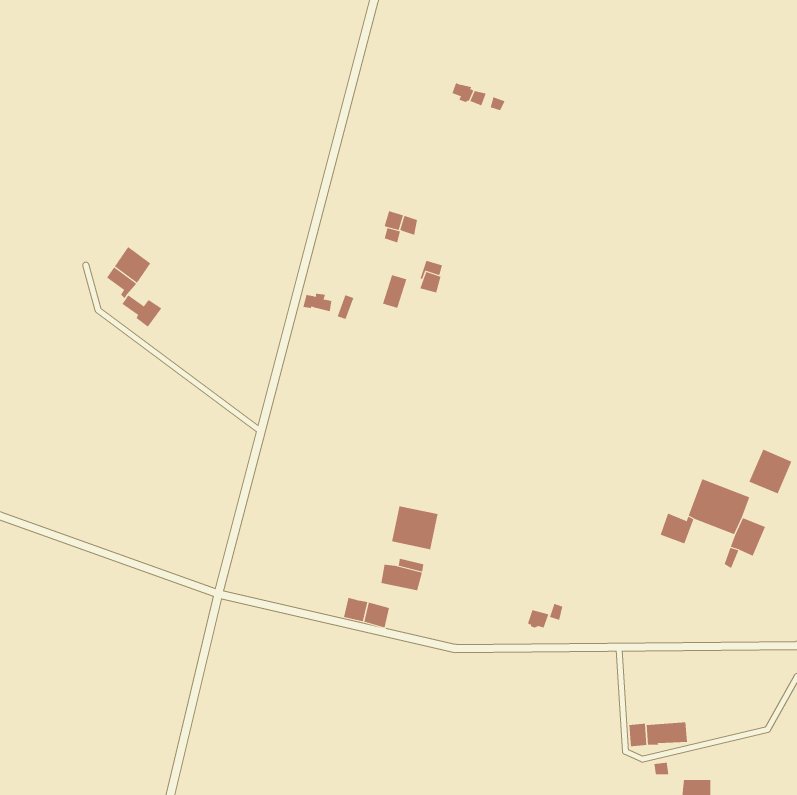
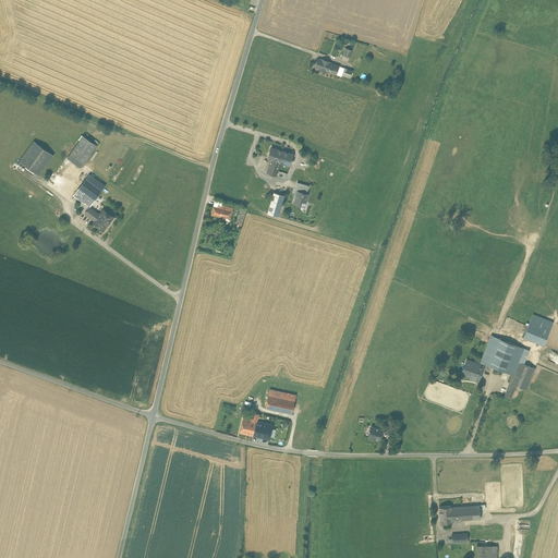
building: none -> [68,135,97,167]
building: none -> [20,142,53,174]
building: [392,505,438,550] -> none

